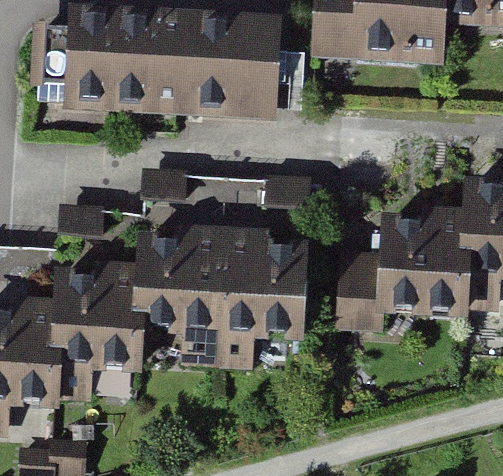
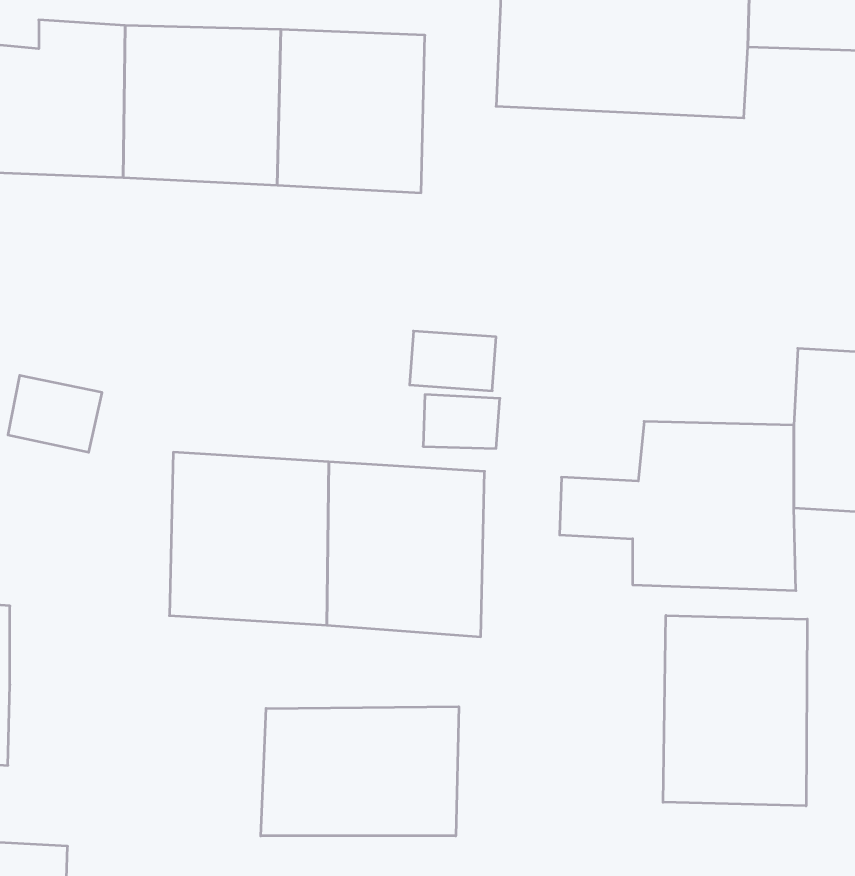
building: [59,276,142,362] -> none
building: none -> [663,615,807,806]
building: none -> [261,707,459,836]

